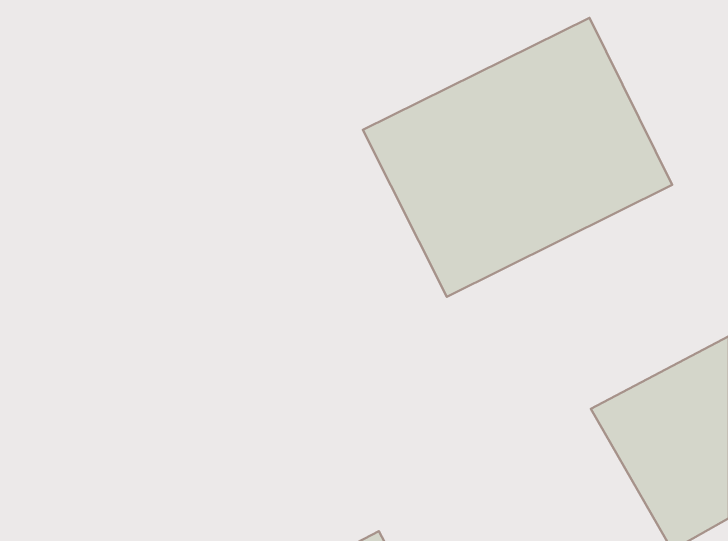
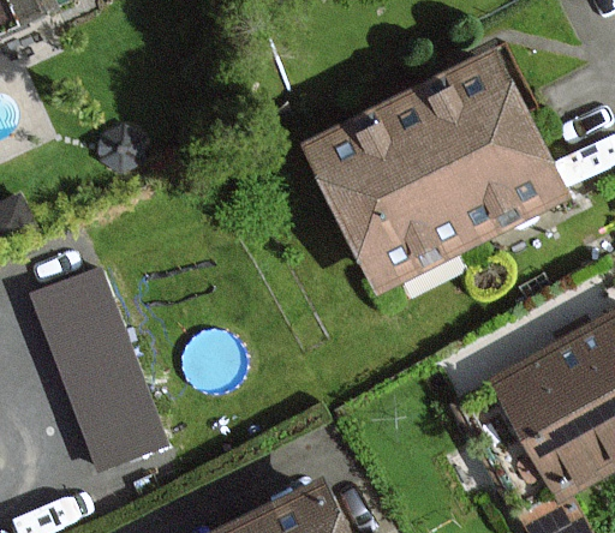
building: none -> [32,273,162,465]

